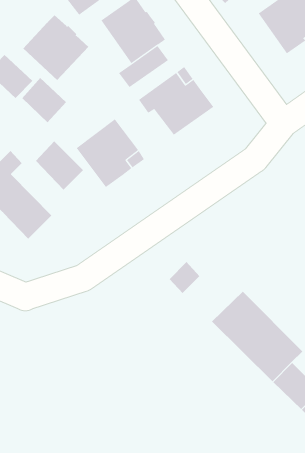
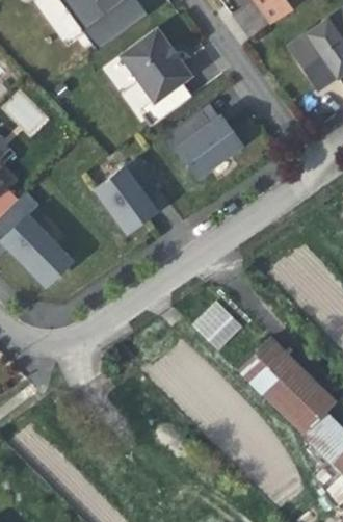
building: [23,15,89,81] -> none
building: [22,77,67,123] -> none
building: [35,140,84,191] -> none

